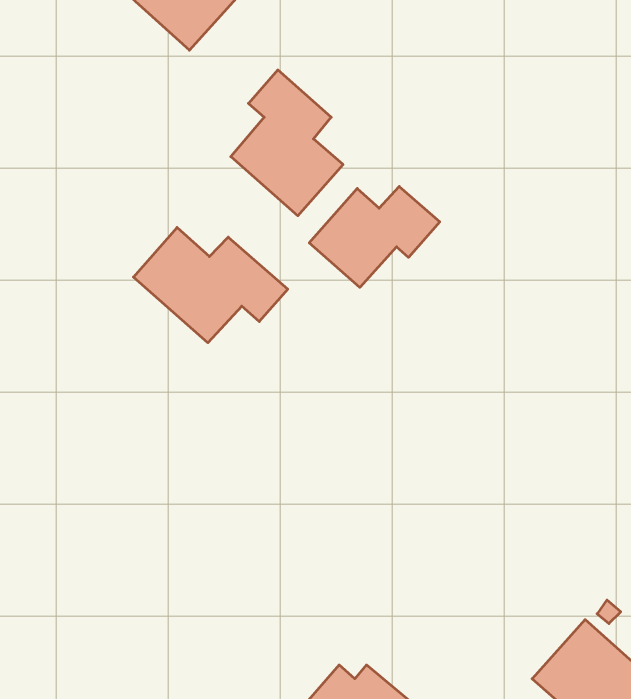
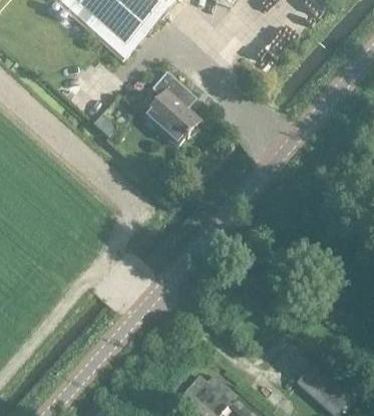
building: [309,186,440,287] -> none
building: [133,227,288,343] -> none

